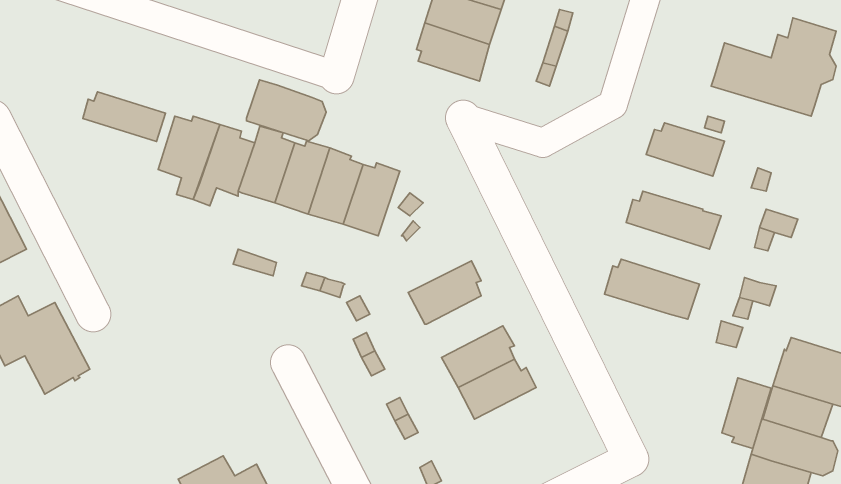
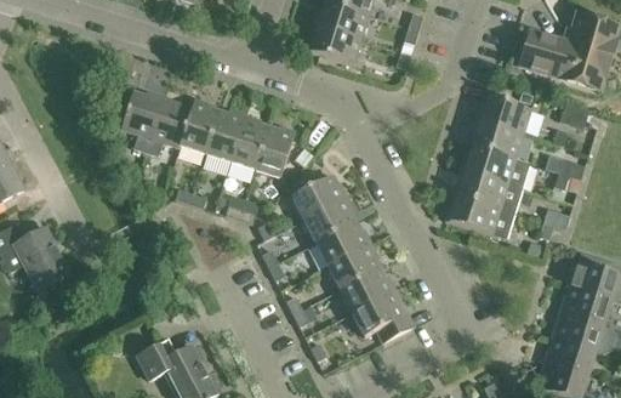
building: [246,80,326,141] -> none
building: [83,92,165,142] -> none
building: none -> [472,118,524,158]
building: none -> [455,167,522,212]
building: none -> [290,174,348,218]
building: none -> [314,221,371,266]
building: [722,378,771,448] -> none
building: none -> [351,288,411,342]

